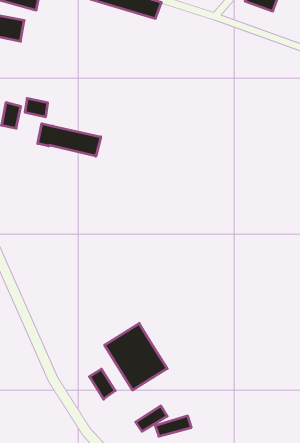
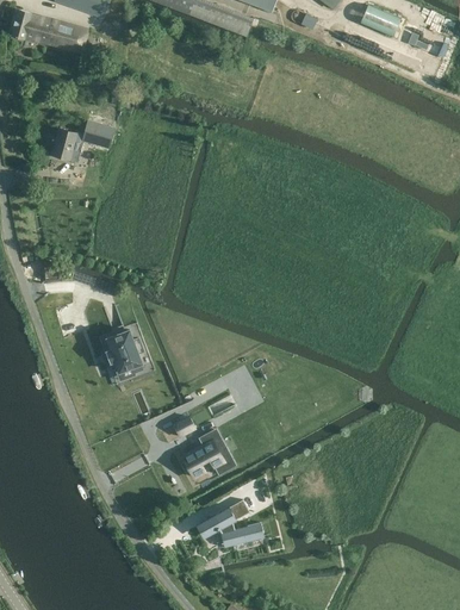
building: [38,124,101,156] -> none
building: none -> [101,330,142,381]
building: [89,369,115,399] -> none

